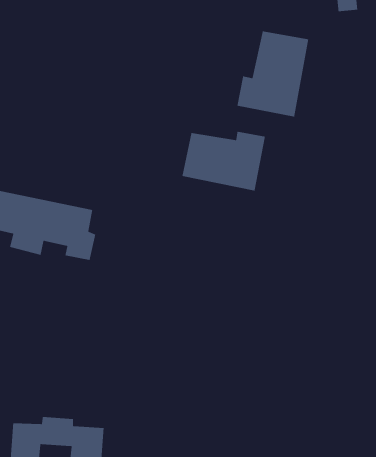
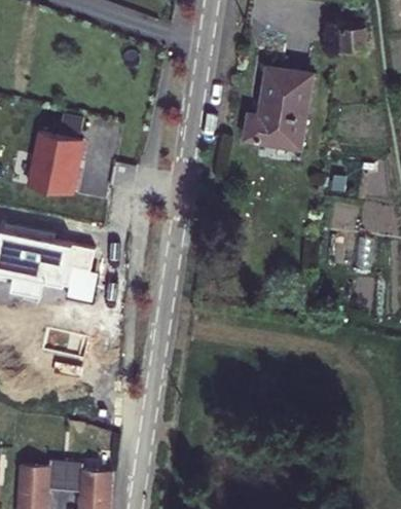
building: none -> [32,129,87,193]
building: [182,131,266,191] -> none

